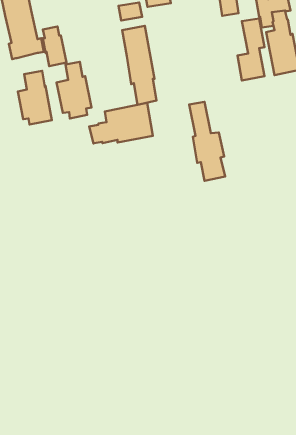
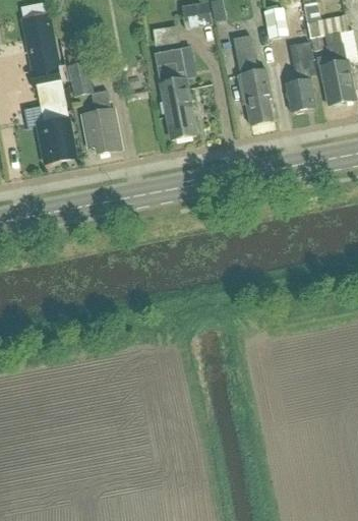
building: [189,102,225,181] -> [233,35,274,124]
building: [89,103,153,144] -> none

